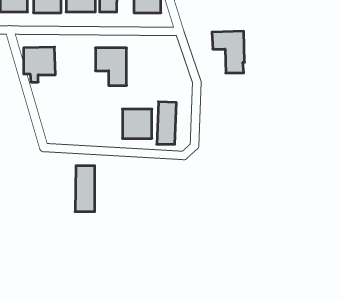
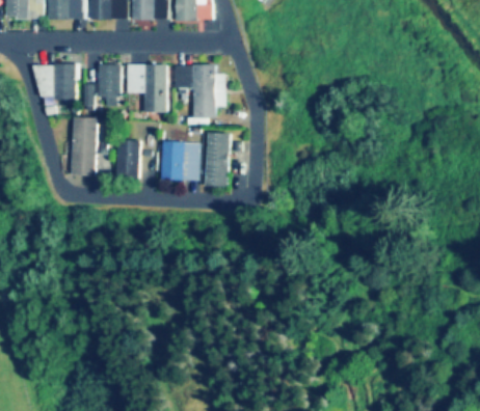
building: [212,31,245,73] -> [177,65,218,118]
building: none -> [85,64,122,105]
building: none -> [118,139,140,179]
building: [75,166,95,212] -> [72,117,97,175]

